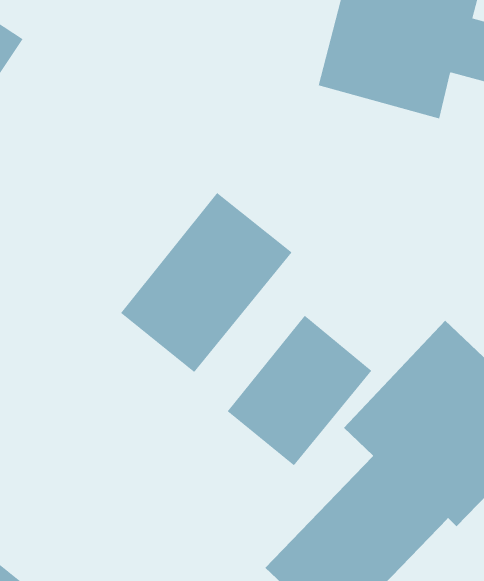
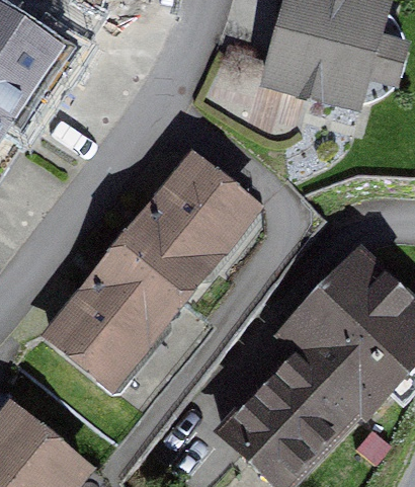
building: none -> [55,248,179,378]
building: [227,315,372,466] -> none

